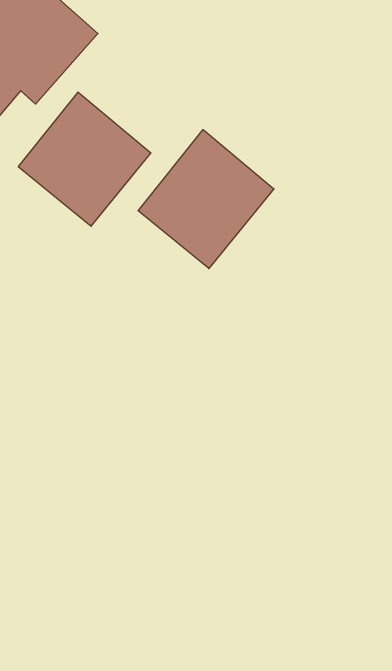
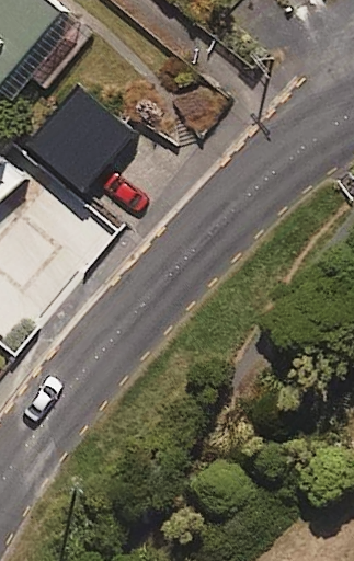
building: [138,130,274,269] -> none

